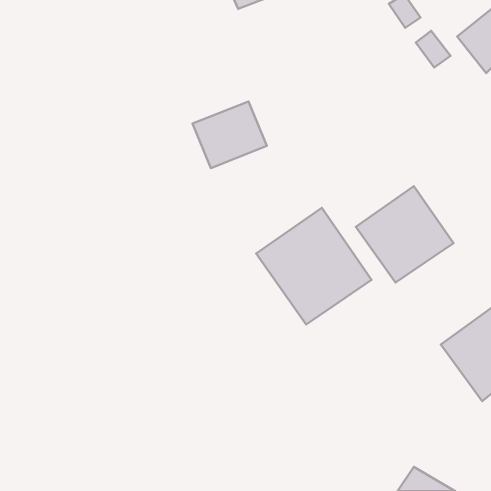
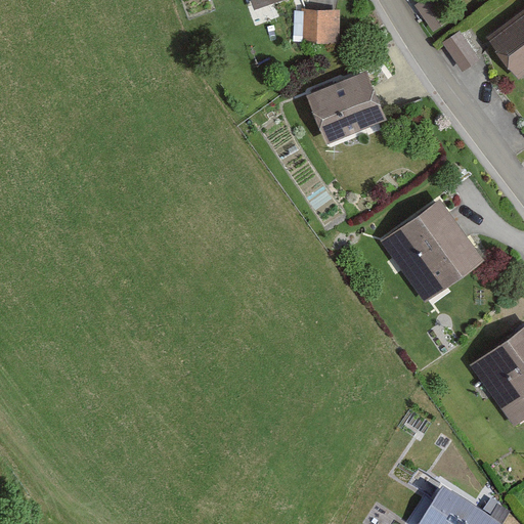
building: none -> [302,10,339,43]
building: [193,101,267,168] -> [306,71,385,141]
building: [256,208,372,325] -> none

